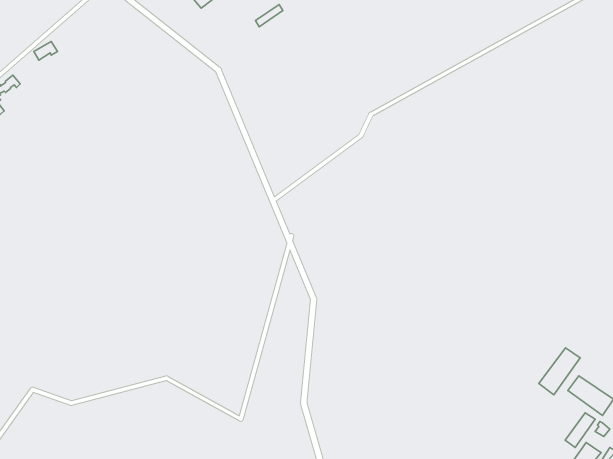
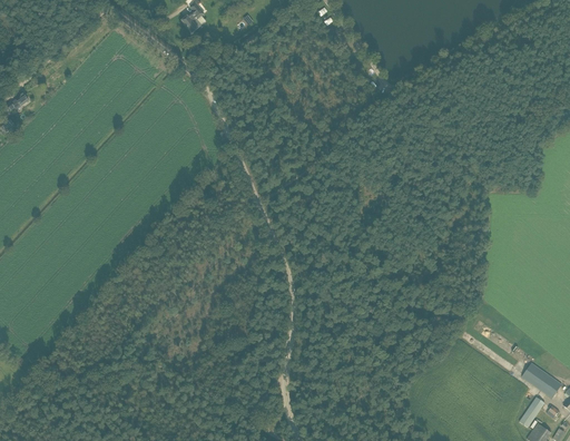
building: [539,348,580,395] -> none

